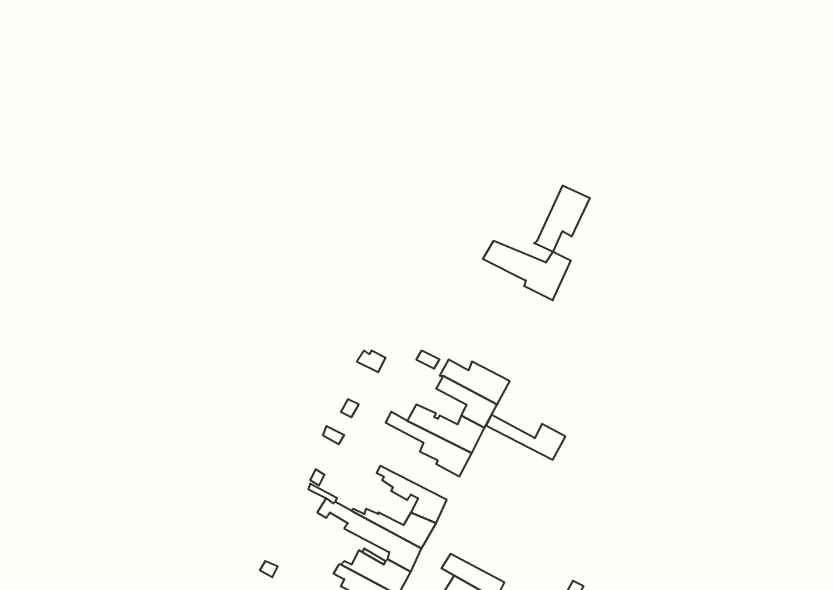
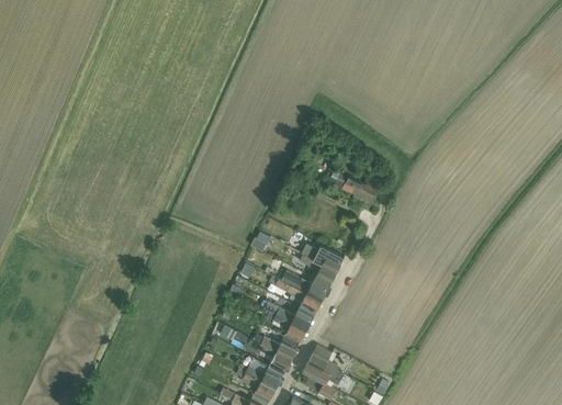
building: [534,185,590,252] -> none
building: [486,415,565,460] -> [266,302,314,329]
building: none -> [308,345,345,380]

